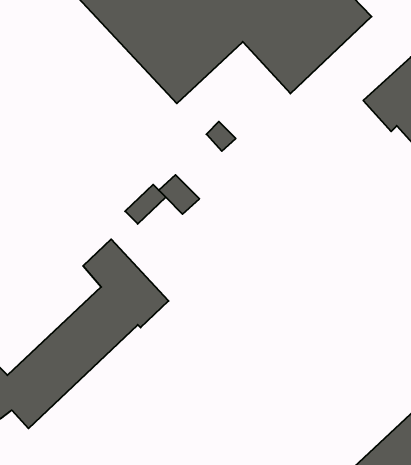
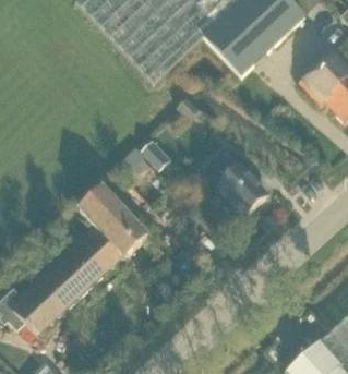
building: none -> [216,155,267,216]

